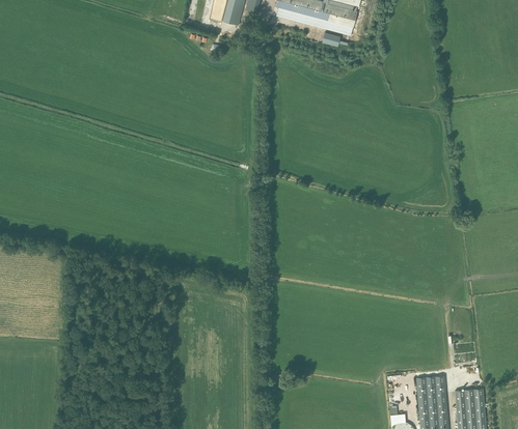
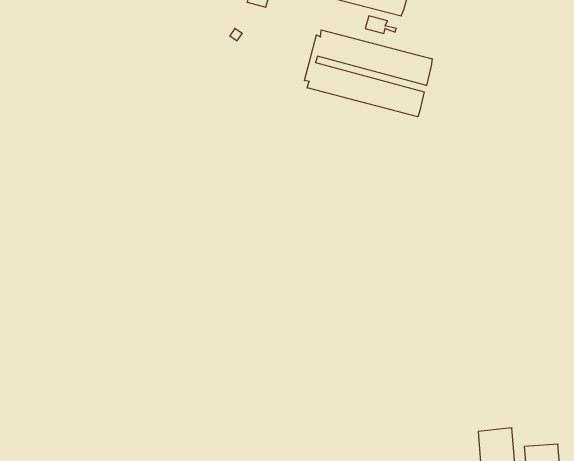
building: none -> [305,30,432,117]

